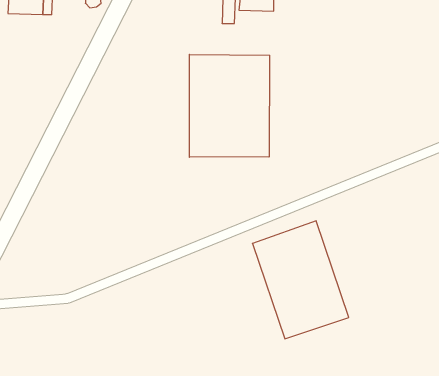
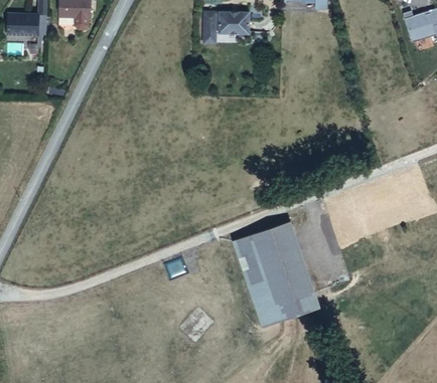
building: [189,54,270,157] -> none

